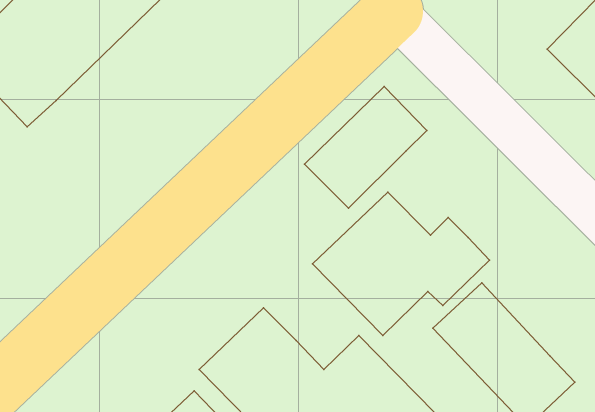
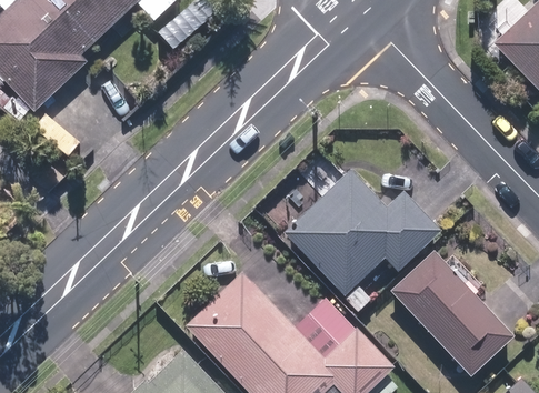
building: [305,87,427,208] -> none

